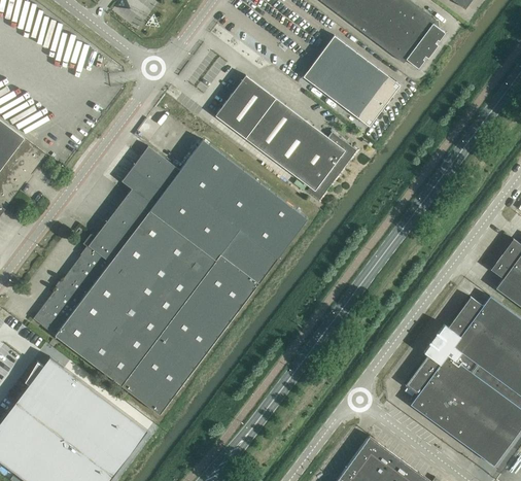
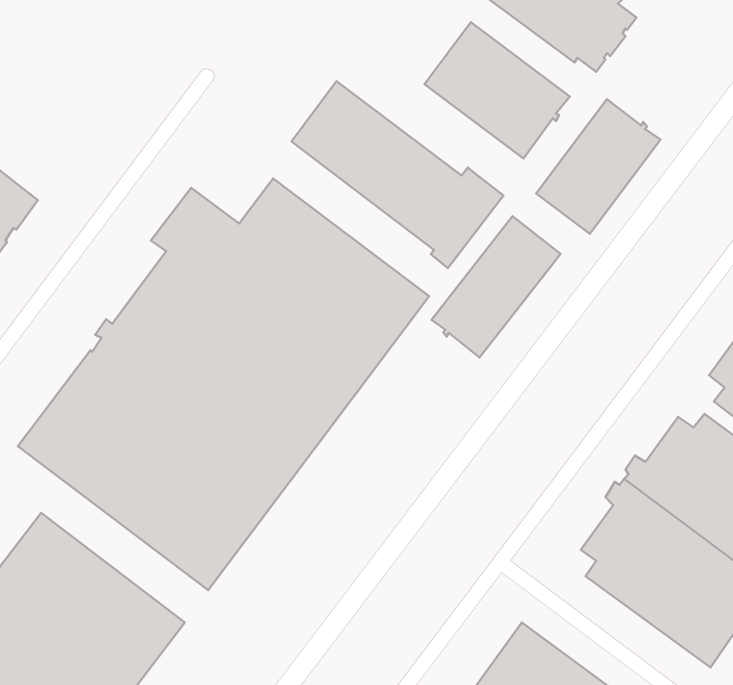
building: none -> [536,99,661,234]
building: none -> [431,216,561,357]

